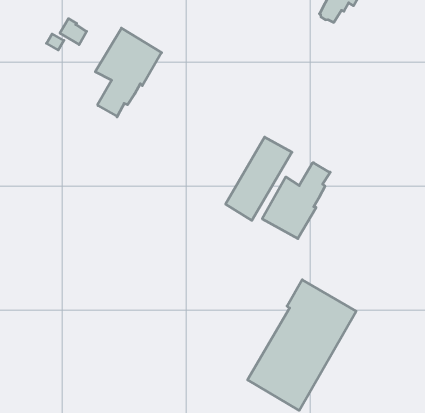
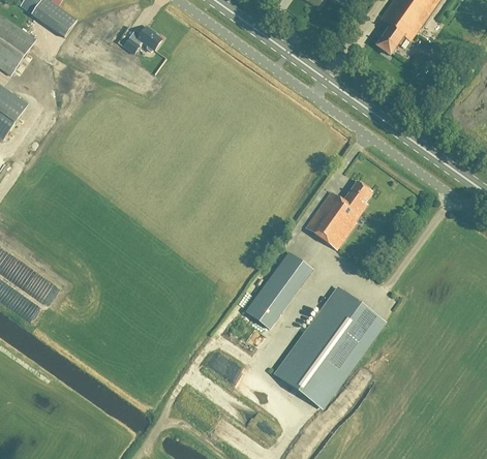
building: [95,28,162,117] -> none
building: [226,137,292,220] -> [245,252,311,328]

